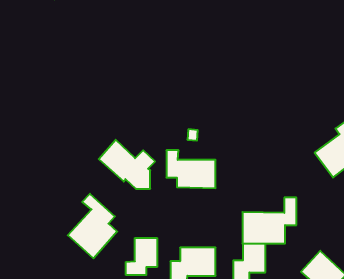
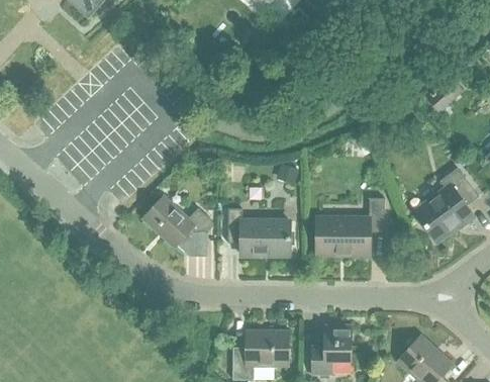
building: [68,194,117,258] -> none
building: [242,198,296,244] -> [316,198,384,256]
building: [126,238,157,275] -> none

